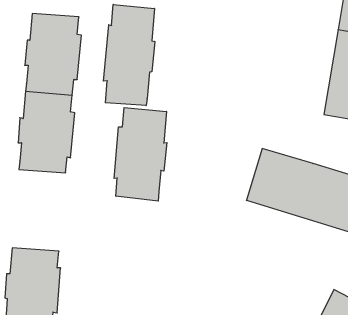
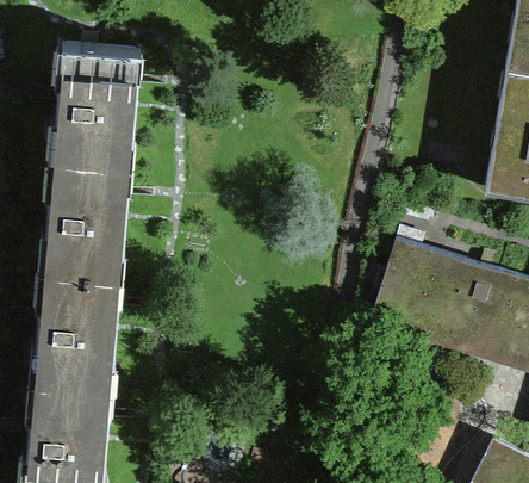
building: [103,4,155,106] -> none
building: [114,108,167,201] -> none
building: none -> [38,270,119,386]

